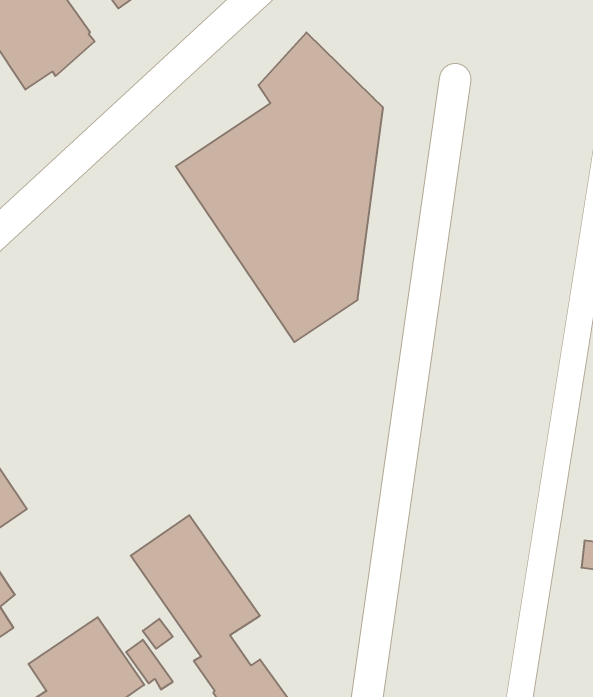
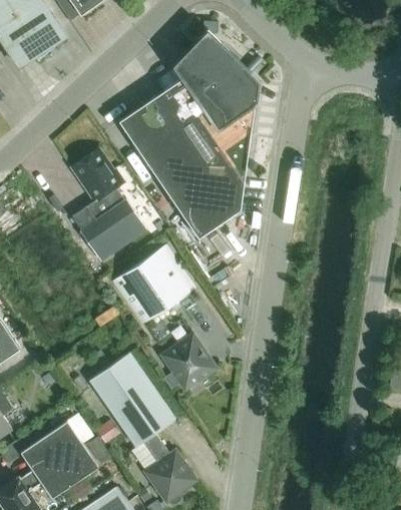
building: none -> [71,148,147,262]
building: none -> [112,245,195,326]
building: none -> [162,336,212,389]

